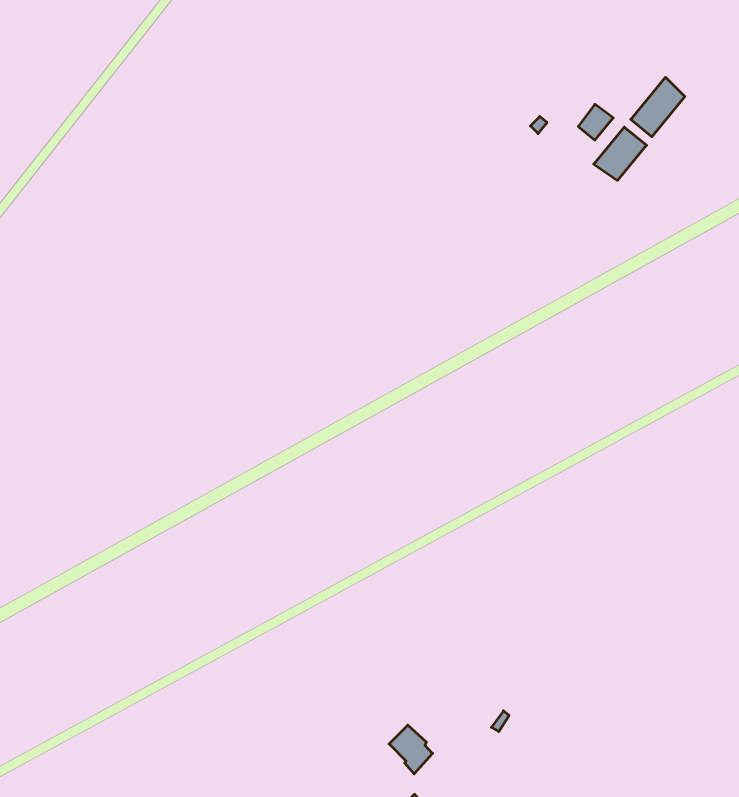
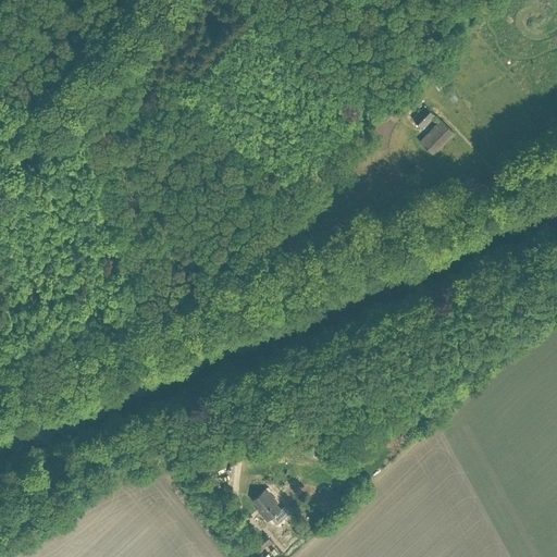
building: [631,77,685,137] -> none

